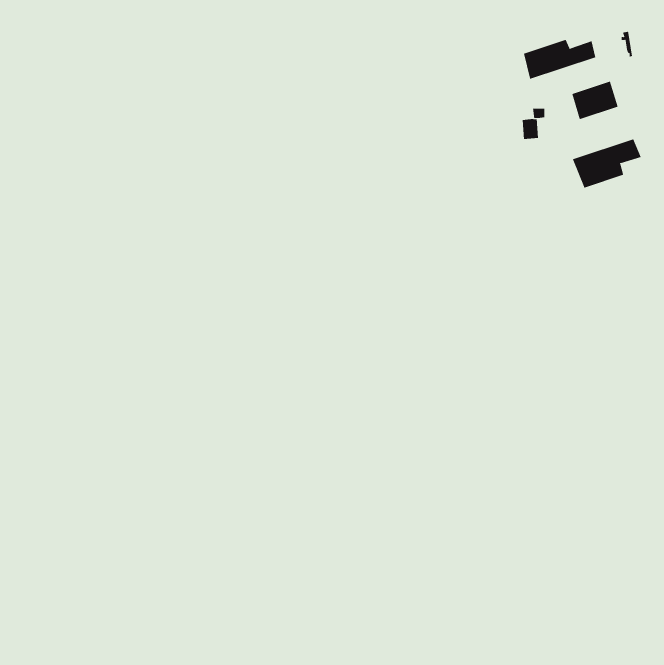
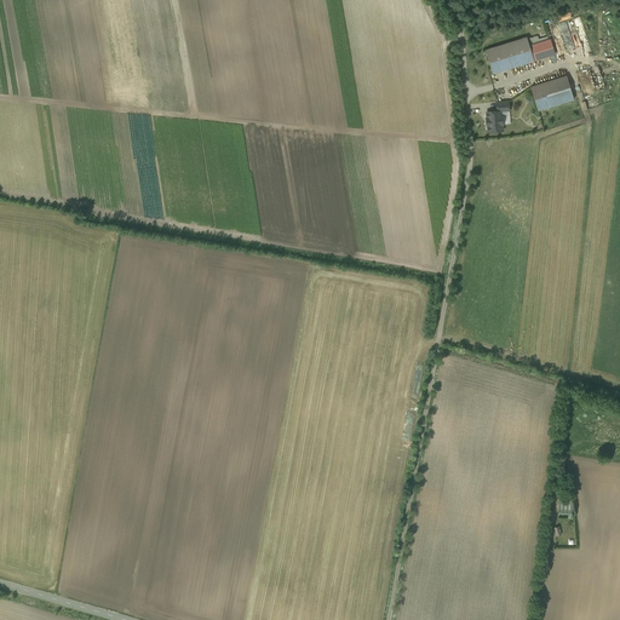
building: [572,138,642,188] -> none

